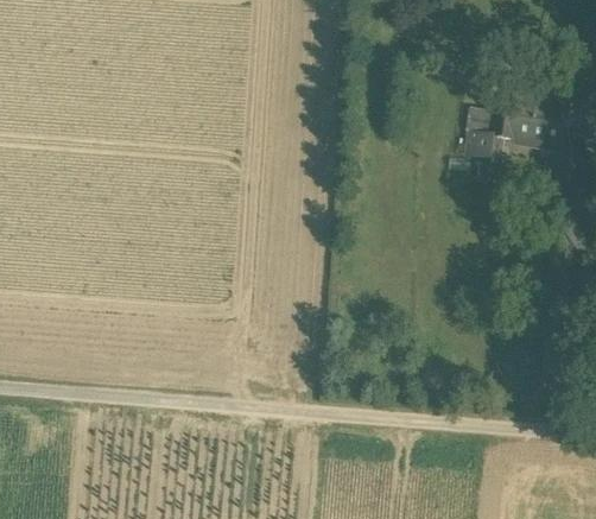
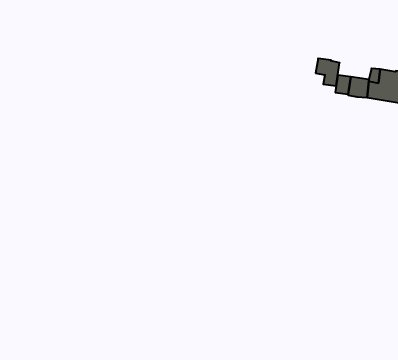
building: [459,133,493,171] -> [316,58,340,86]

